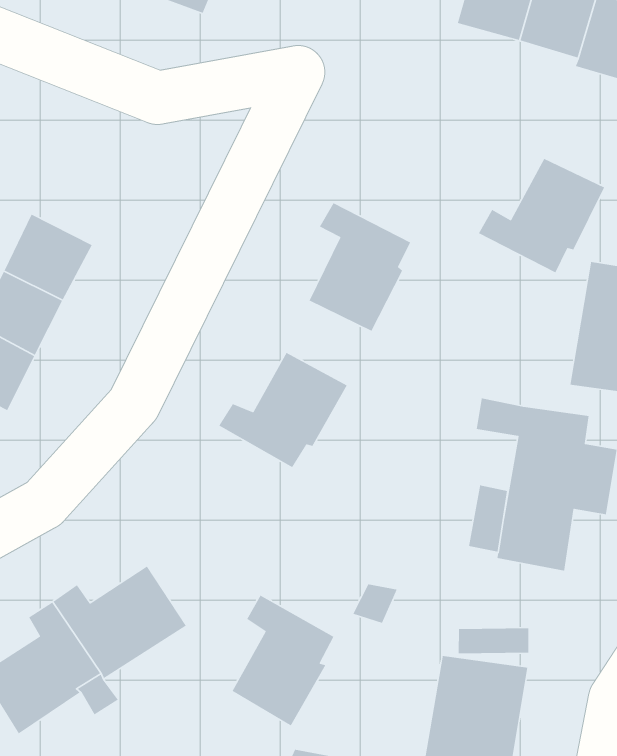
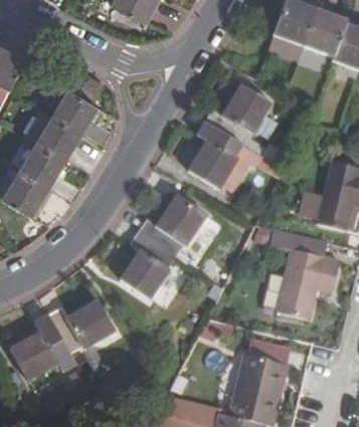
building: none -> [50,88,97,135]
building: [478,158,605,274] -> [204,85,271,145]
building: [231,594,334,727] -> [120,231,174,299]

